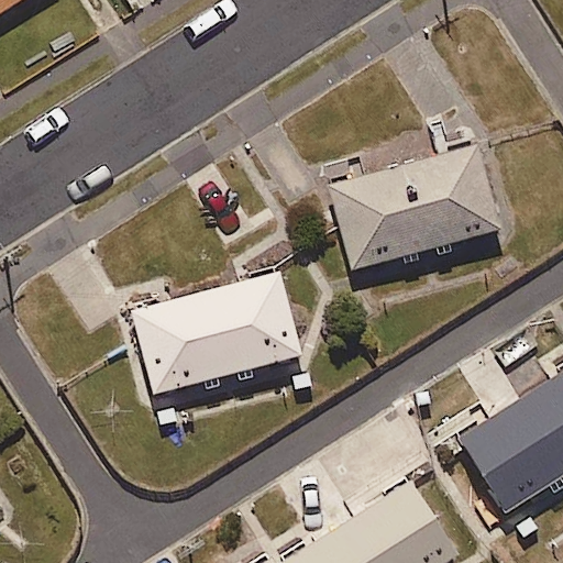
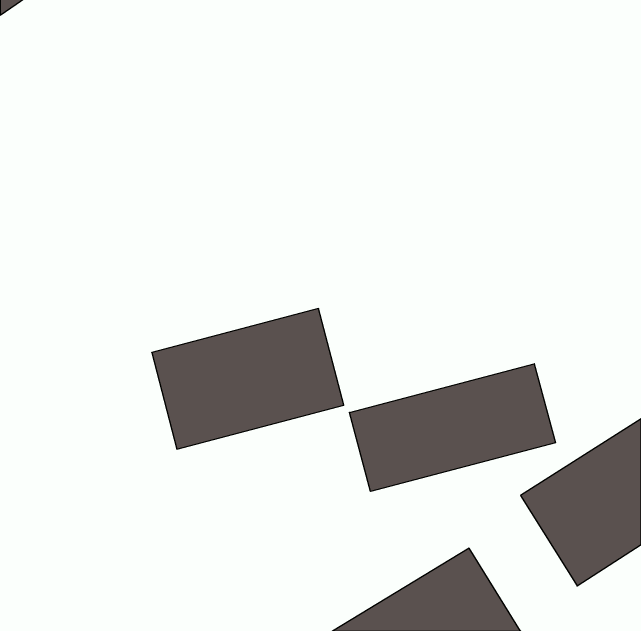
building: [330,142,500,271] -> none
building: none -> [349,364,555,491]

